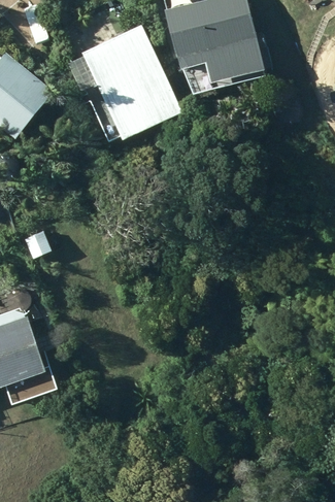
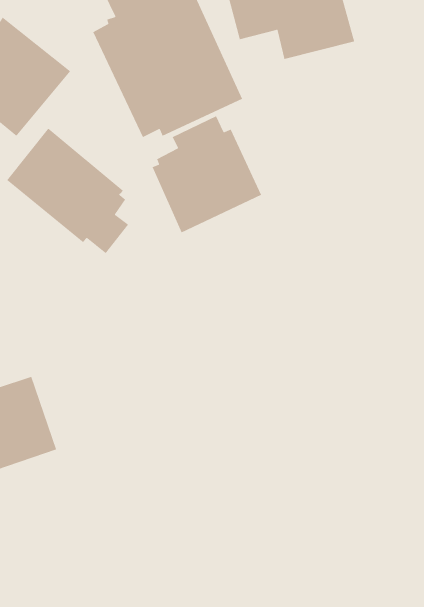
building: none -> [151,115,262,233]
building: none -> [6,128,129,254]

